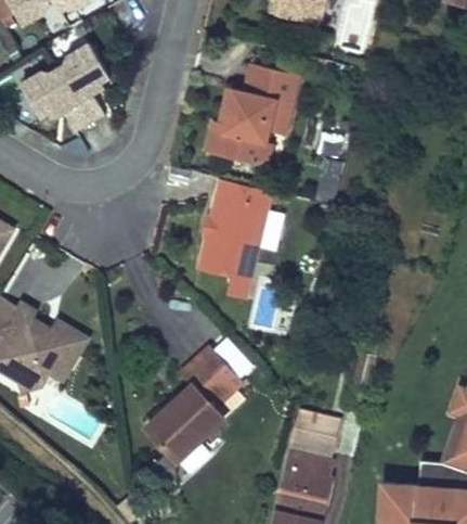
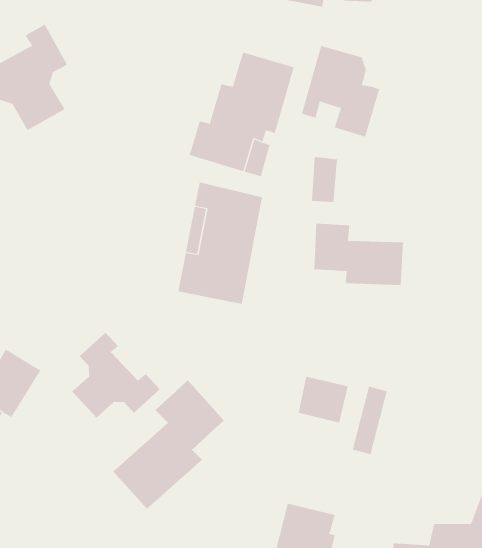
building: none -> [301,45,380,138]
building: none -> [314,223,403,286]
building: none -> [71,332,160,418]
building: [297,411,340,451] -> [298,376,349,423]

